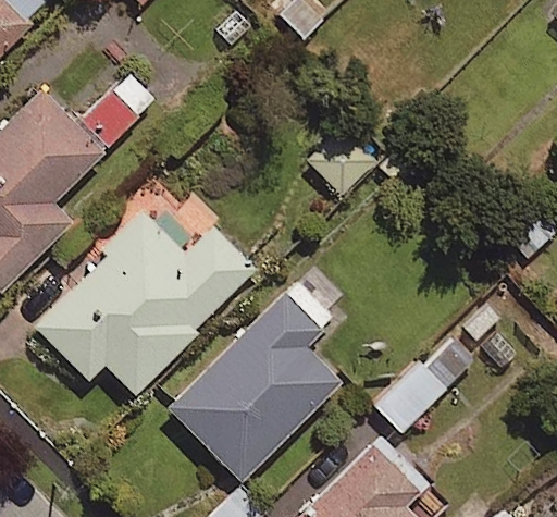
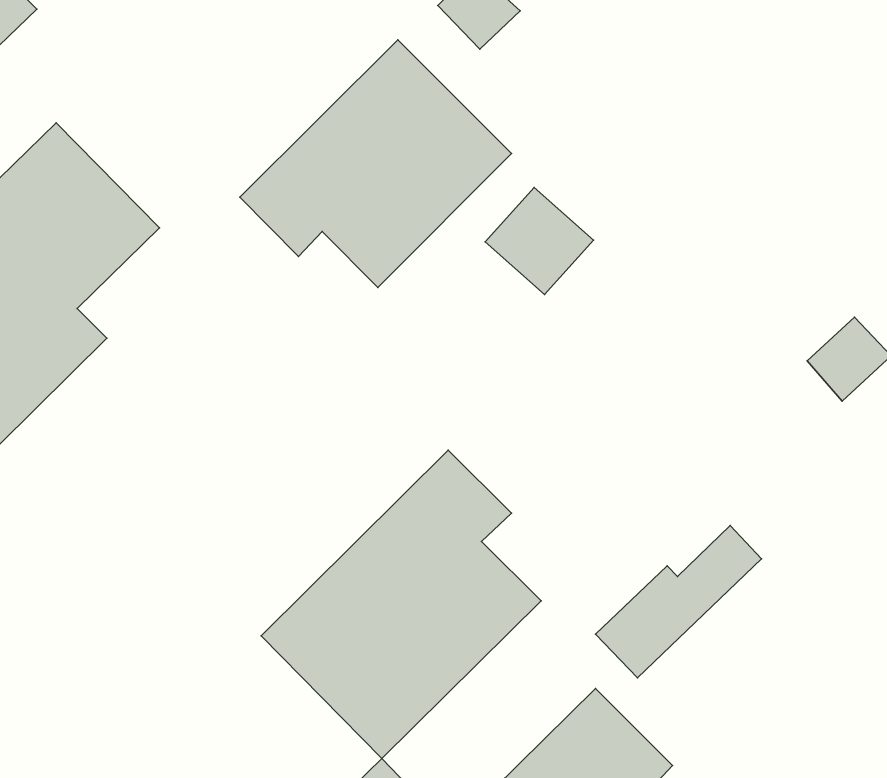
building: none -> [240,40,512,287]
building: [32,209,255,392] -> none

